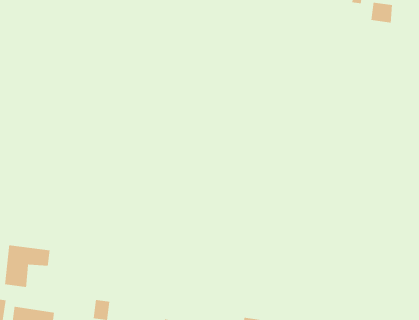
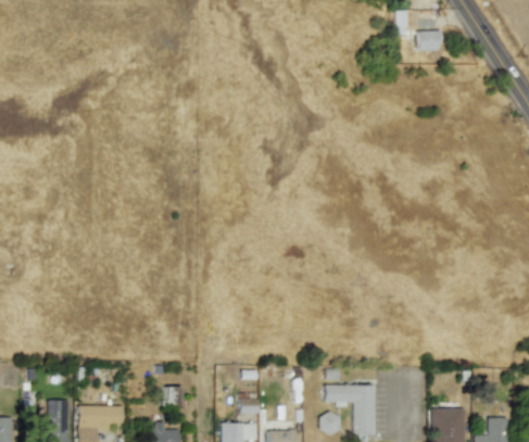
building: [4,244,50,288] -> none

